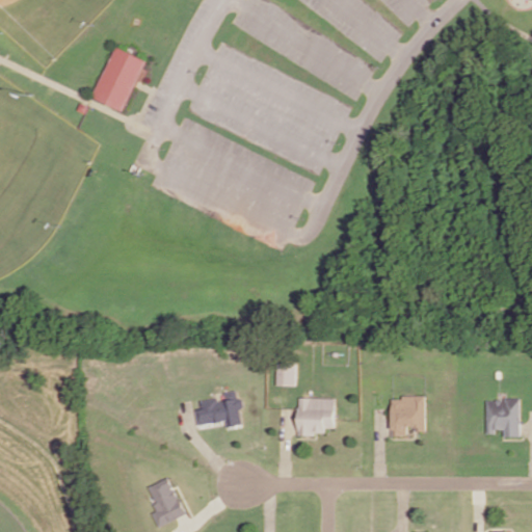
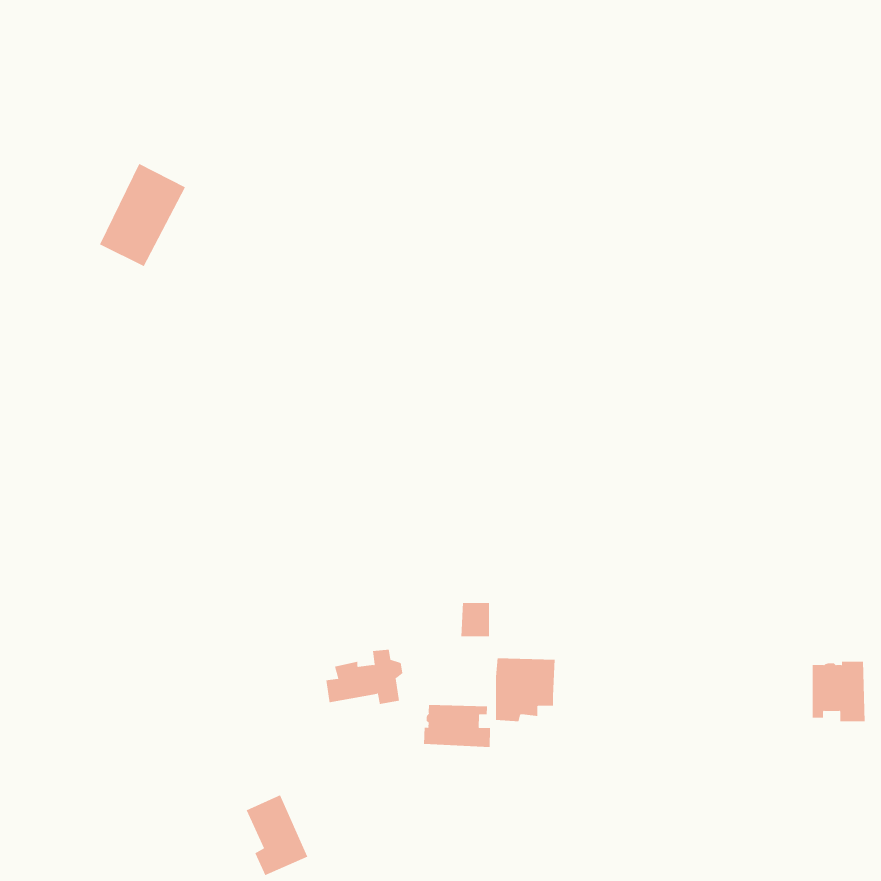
building: [92,47,144,109] -> [99,163,186,267]
building: [391,396,424,435] -> none
building: none -> [424,704,491,748]

